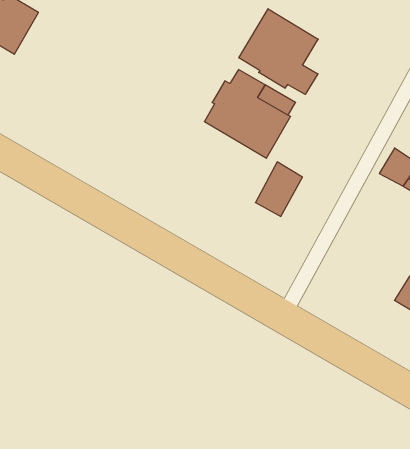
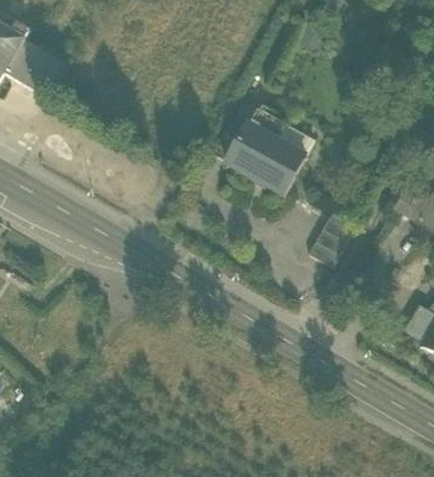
building: [239,9,318,94] -> none
building: [255,162,302,216] -> [308,215,352,266]

